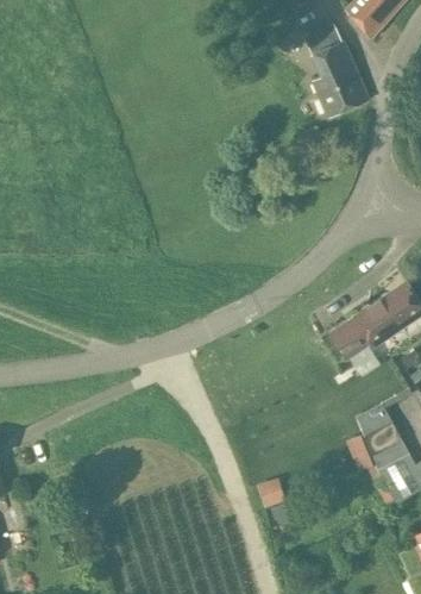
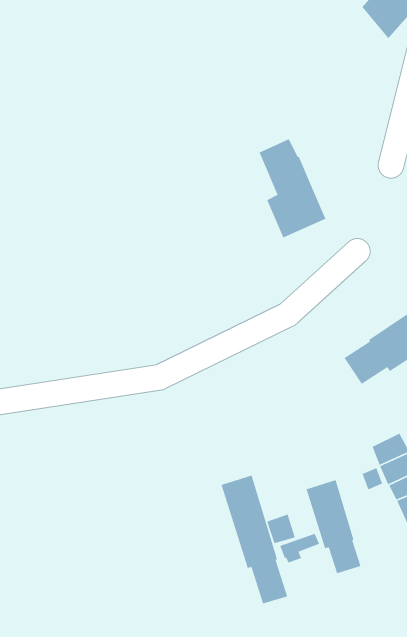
building: [306,25,369,118] -> [258,138,326,238]
building: none -> [221,475,288,605]
building: none -> [305,479,361,574]

